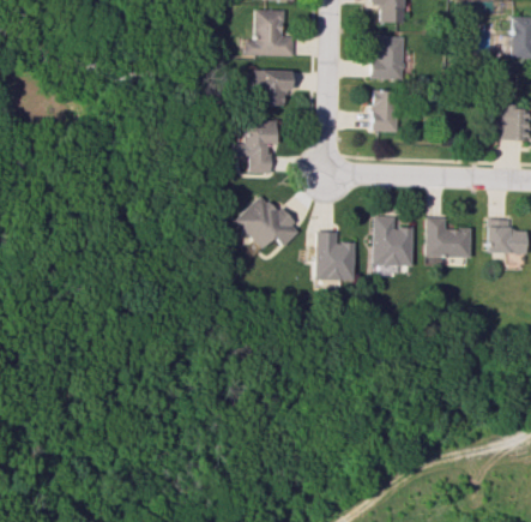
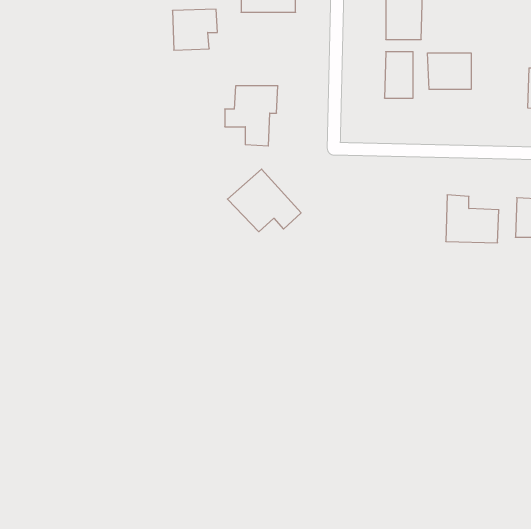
building: [253,70,292,106] -> [172,9,217,50]
building: none -> [428,53,471,89]
building: [373,216,414,265] -> none
building: [315,232,356,289] -> none

